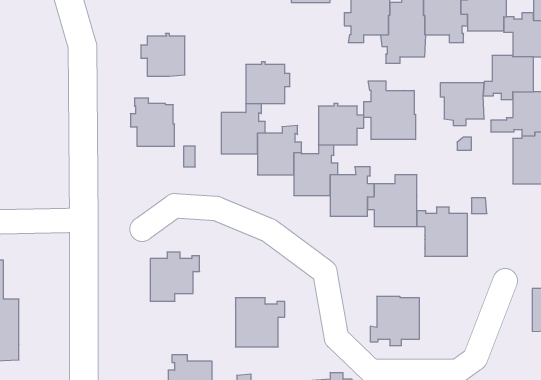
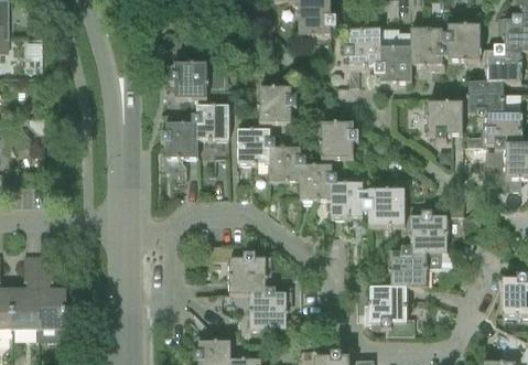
building: none -> [190,97,228,139]
building: [364,81,415,140] -> none
building: none -> [384,245,443,287]
building: [150,252,200,301] -> [228,251,270,293]

